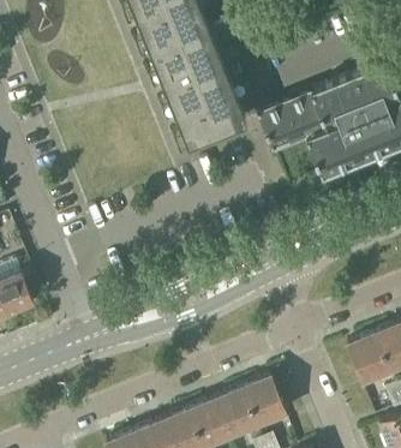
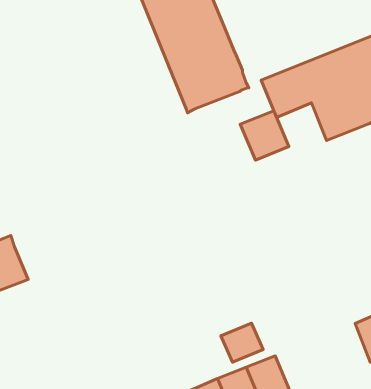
building: none -> [240,111,289,160]
building: none -> [221,323,263,362]

